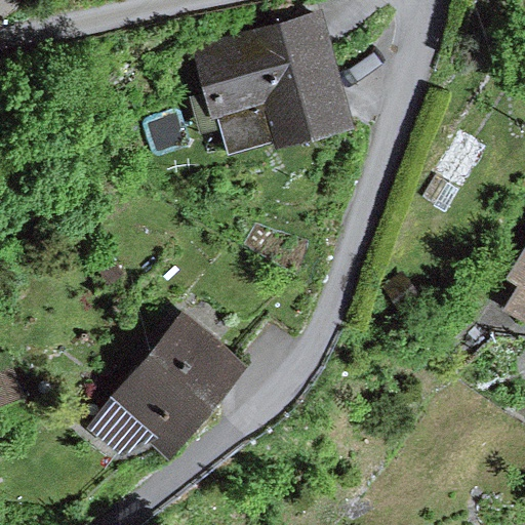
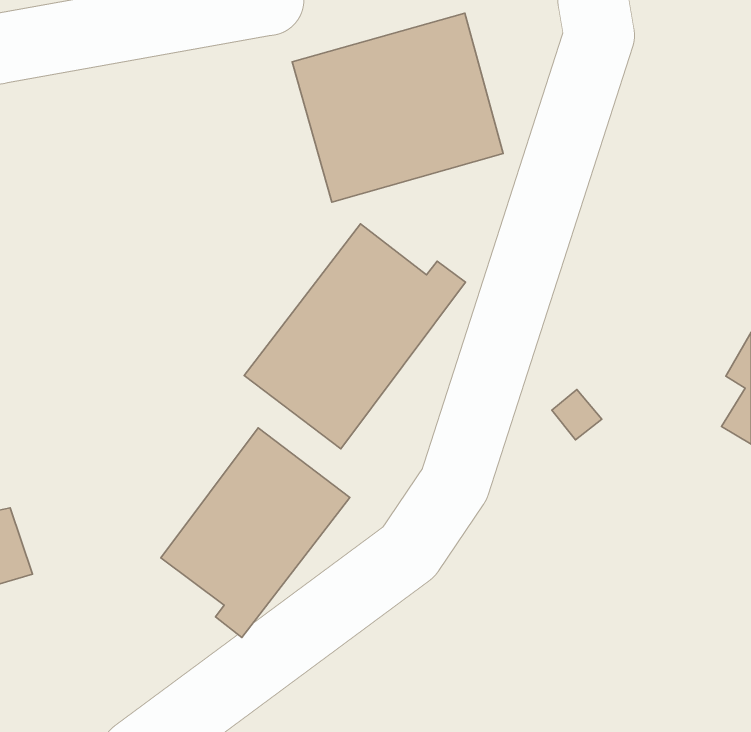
building: none -> [244,224,466,449]

